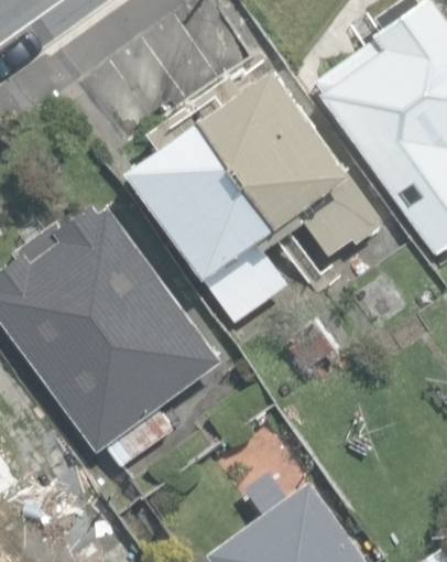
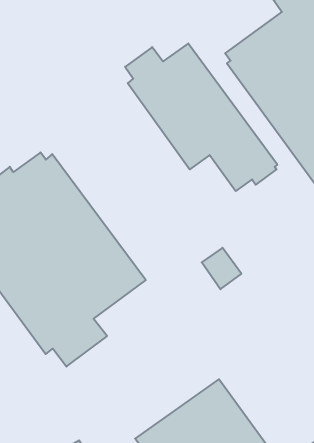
building: [126,108,285,321] -> none

